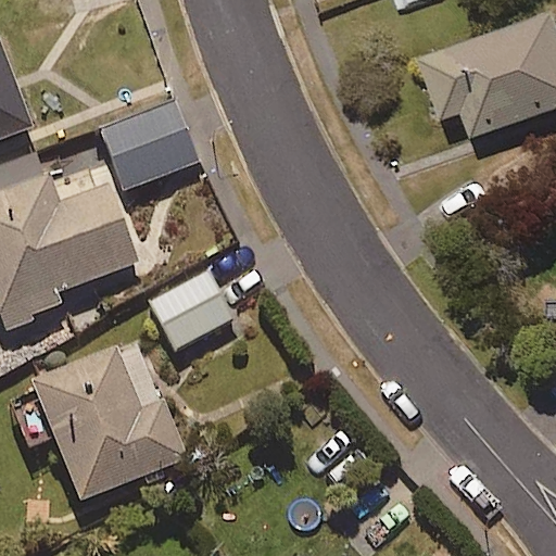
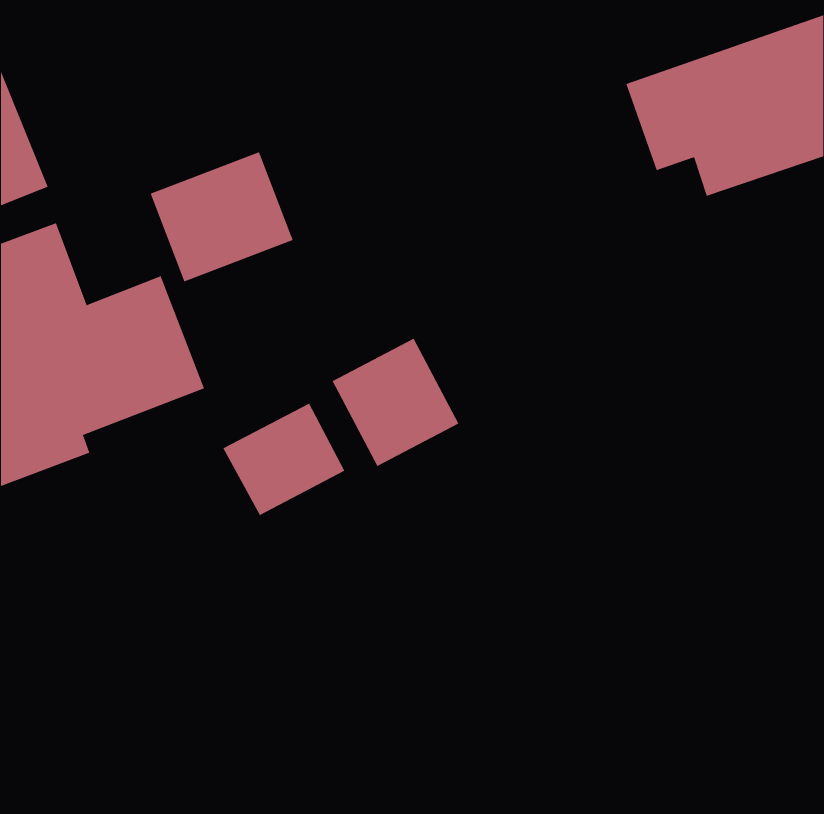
building: none -> [332,338,459,467]
building: [29,339,187,504] -> none

